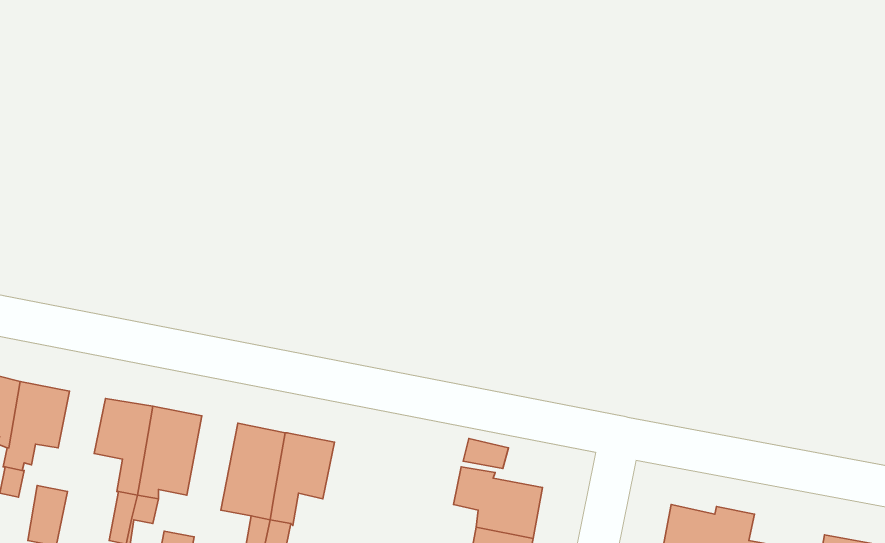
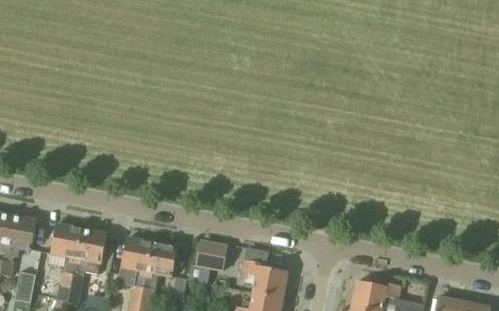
building: none -> [193,240,227,270]

